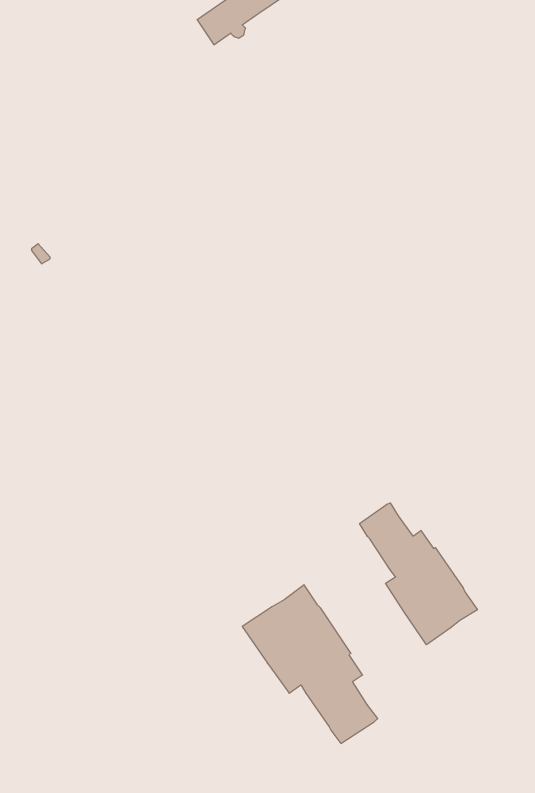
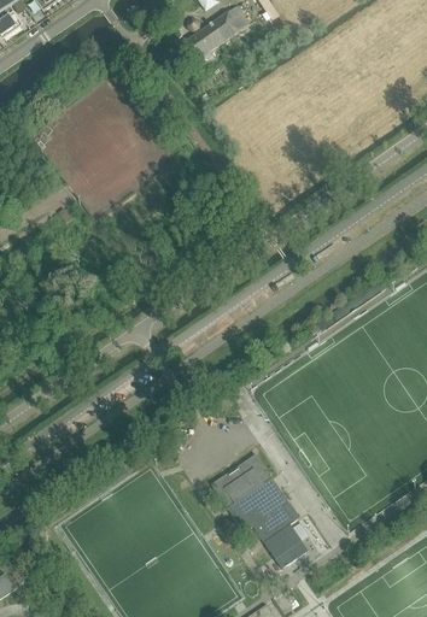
building: [360,503,477,645] -> none

